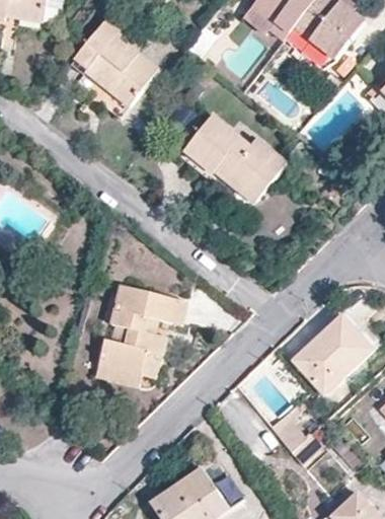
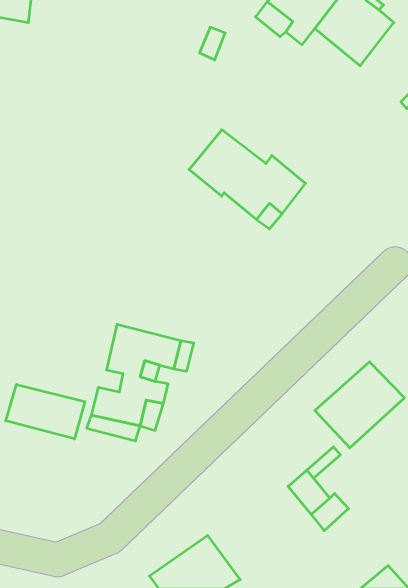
building: [75,19,157,116] -> none
building: none -> [6,384,85,439]

